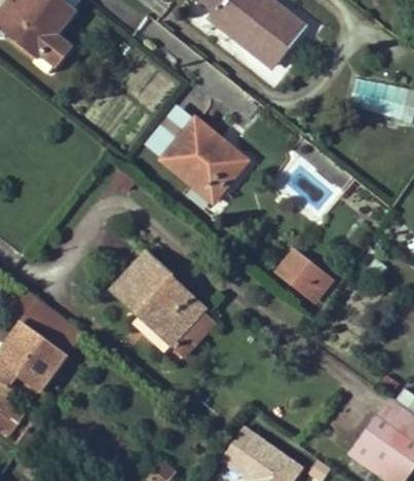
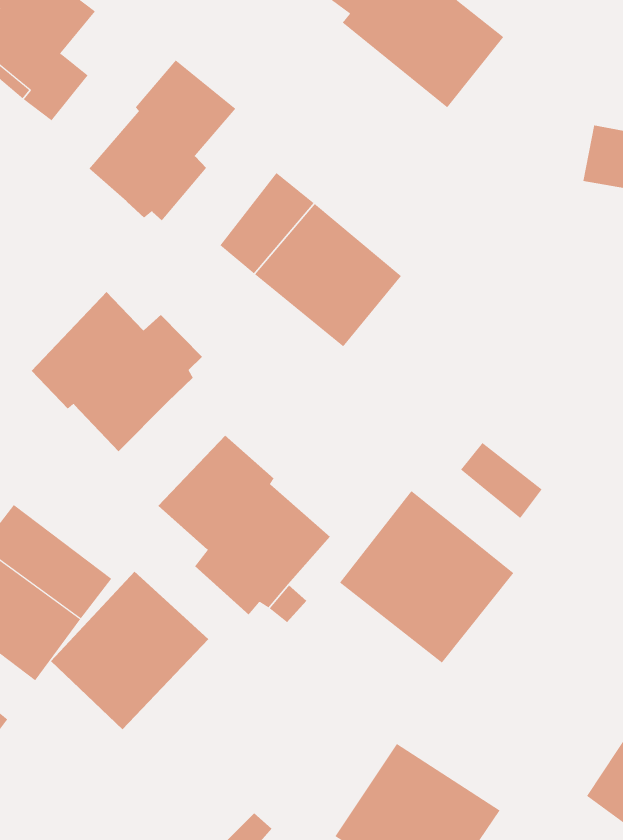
building: none -> [89,59,236,221]
building: none -> [31,291,203,452]
building: none -> [339,490,514,664]
building: none -> [50,571,209,730]

